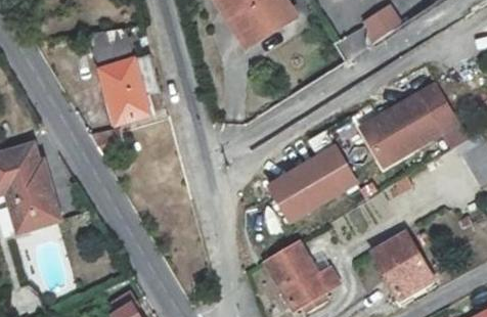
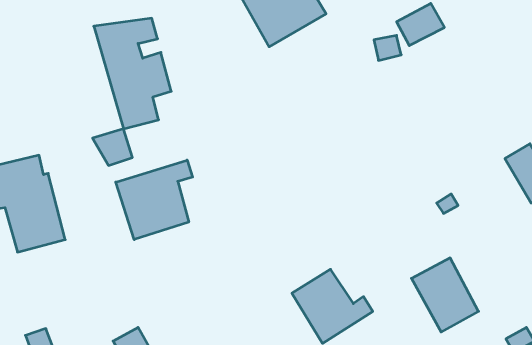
building: [361,82,459,158] -> none
building: none -> [116,160,193,240]
building: [262,146,357,224] -> none

